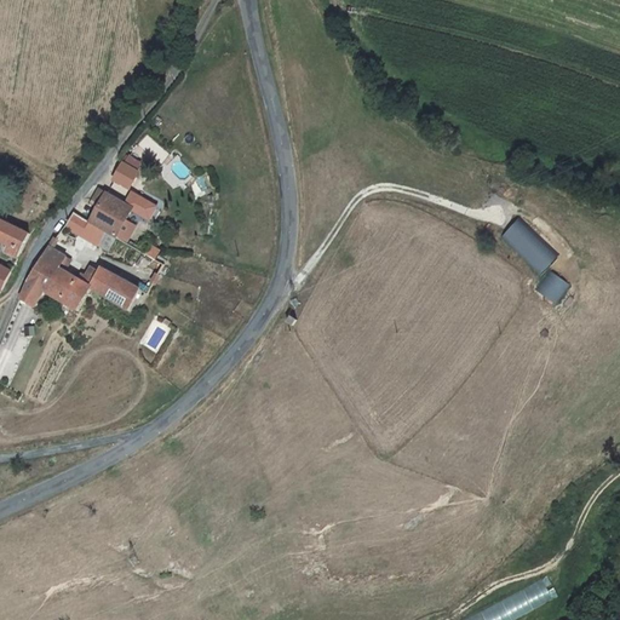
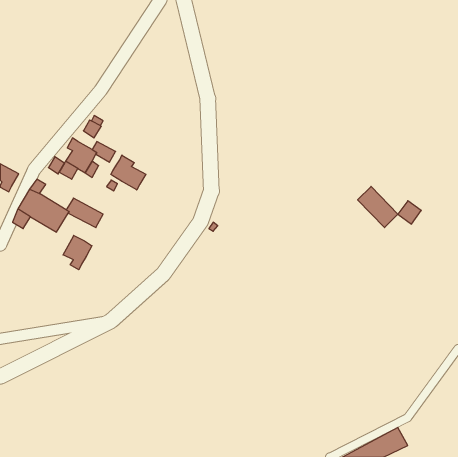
building: none -> [111,155,146,190]
building: [503,218,557,274] -> [358,186,398,228]
building: none -> [63,235,92,270]

